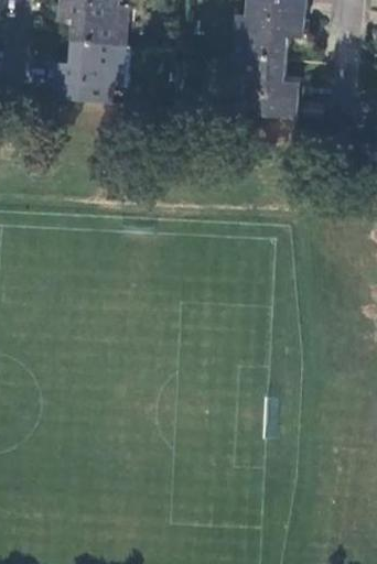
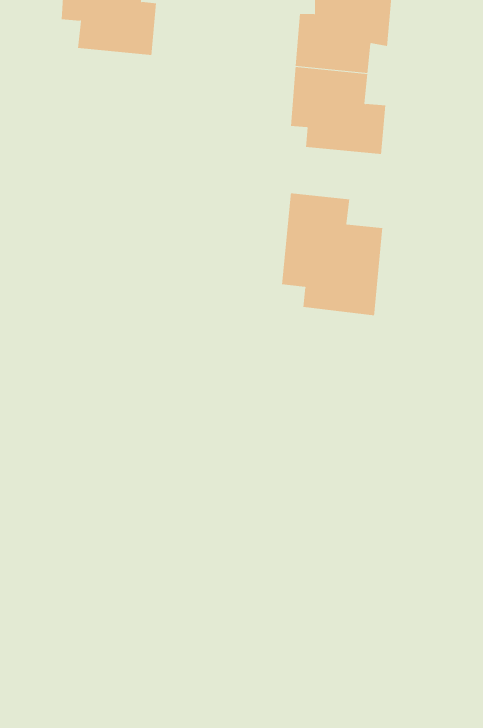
building: [55,37,128,100] -> none
building: none -> [282,192,383,316]

